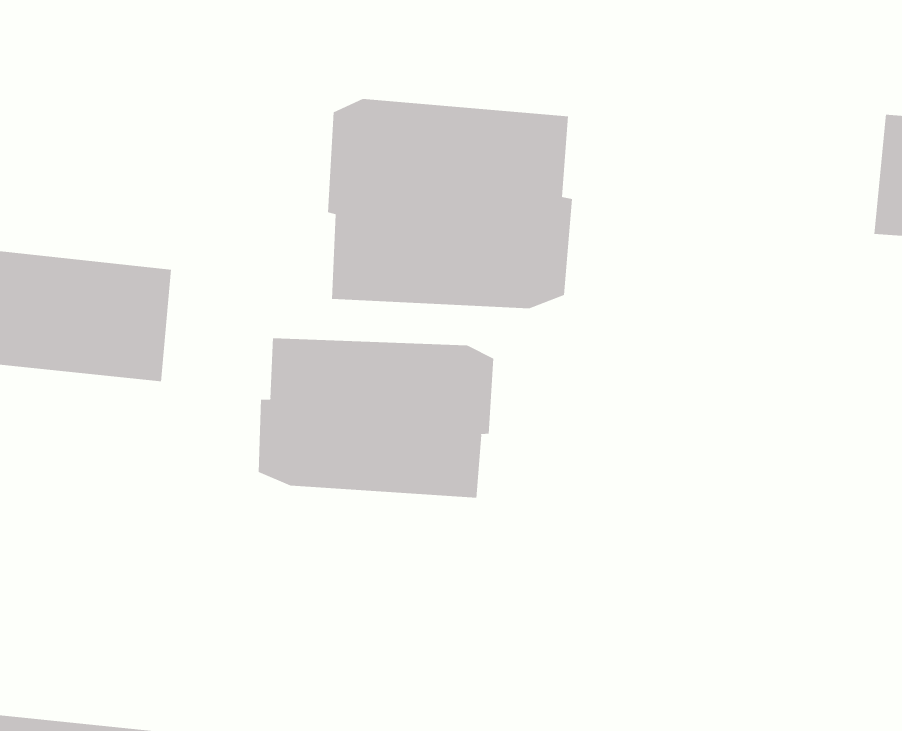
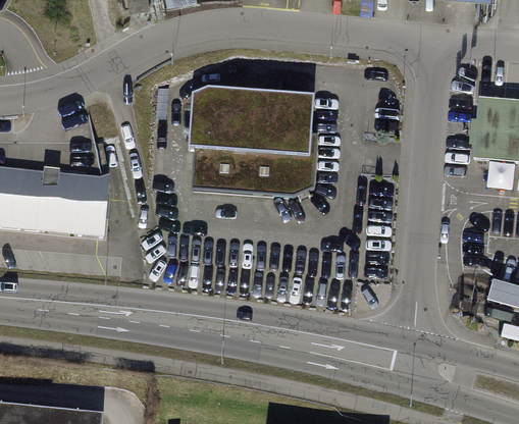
building: [258,338,494,499] -> none

